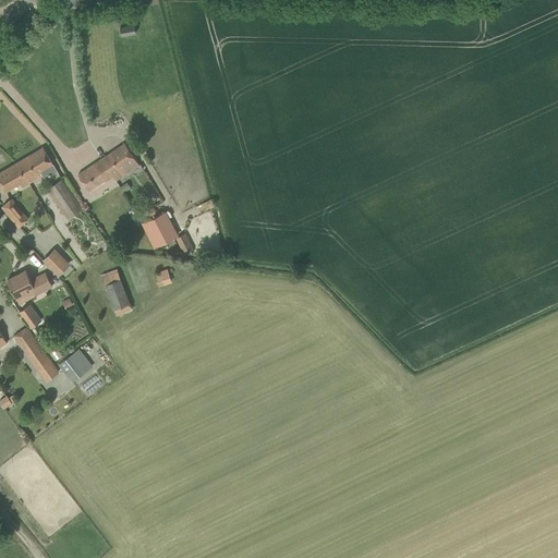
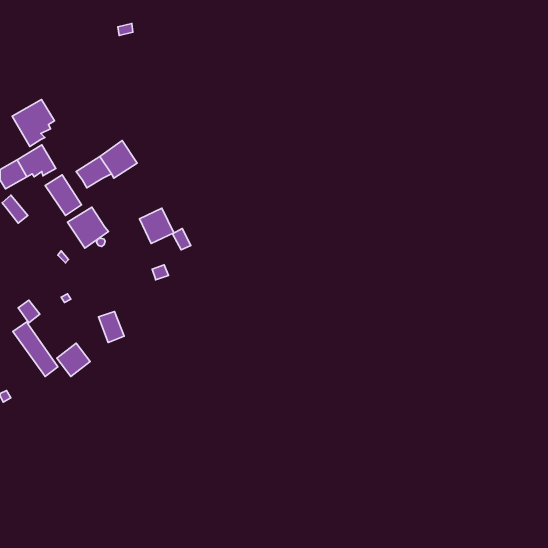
building: none -> [12,99,55,146]
building: none -> [67,207,108,248]
building: [8,270,51,300] -> none
building: [104,278,130,310] -> [98,311,124,342]

